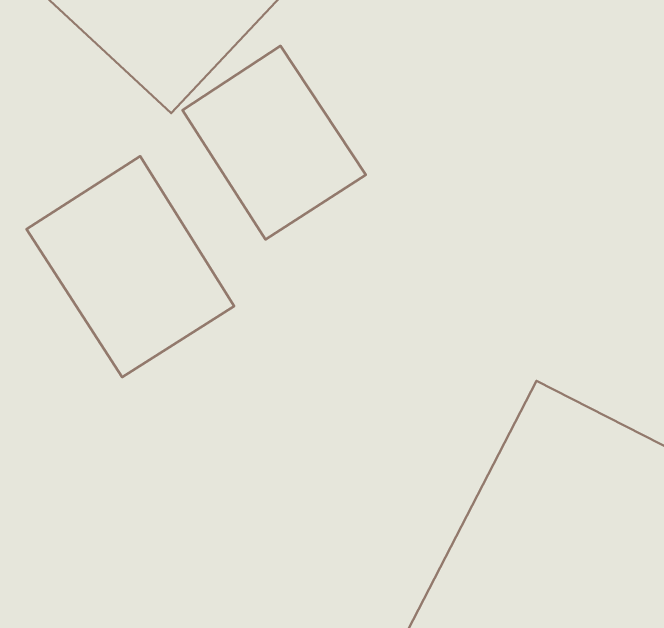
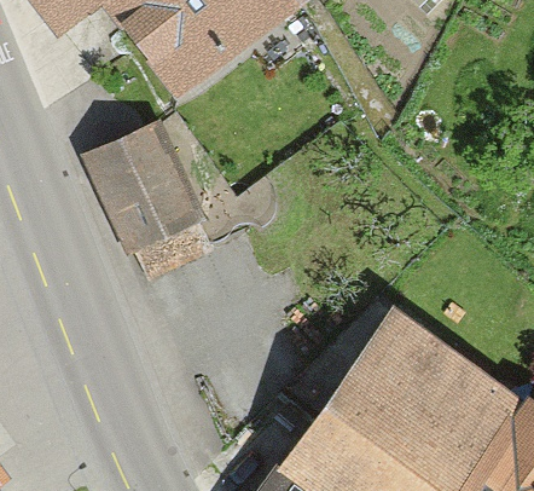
building: [182,46,366,240] -> none

